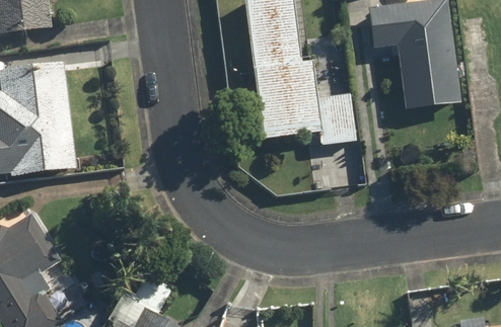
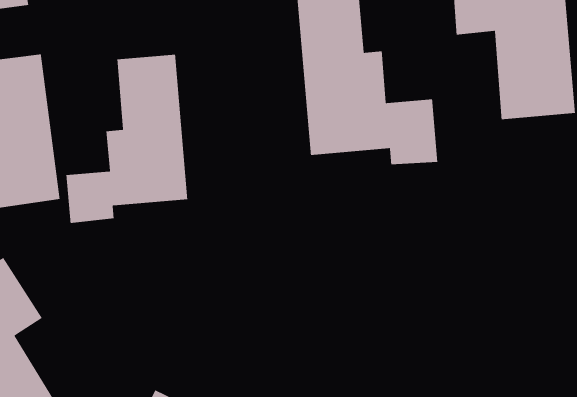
building: none -> [65,54,188,224]

